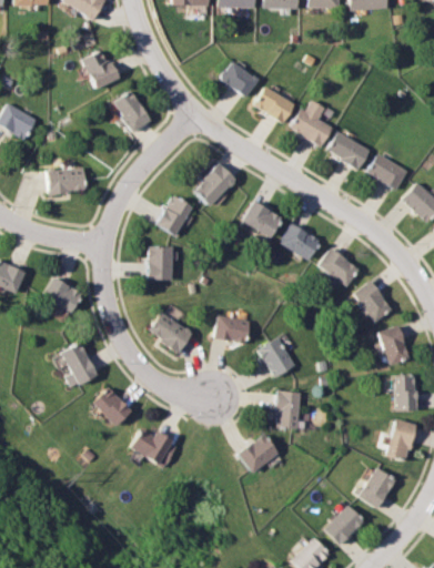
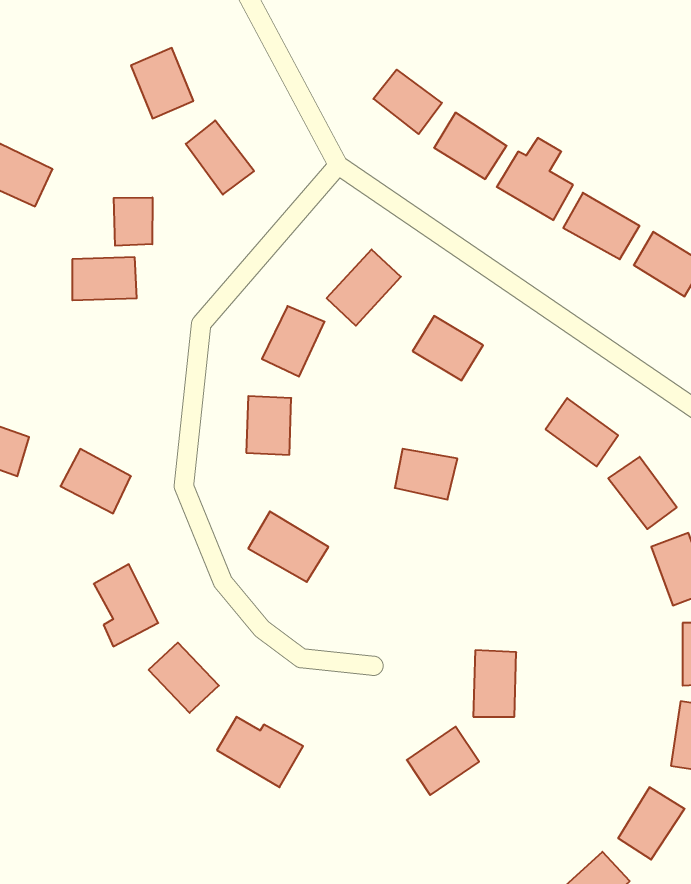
building: none -> [114,197,152,246]
building: [280,223,320,261] -> none
building: [215,315,251,344] -> [395,449,457,500]
building: [260,337,294,377] -> none

